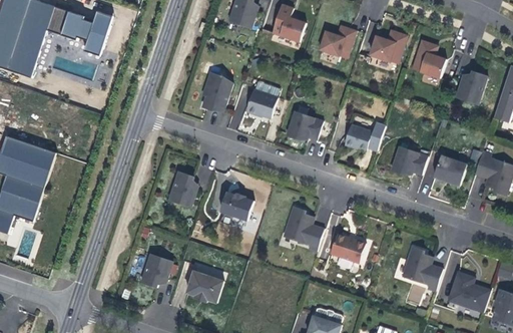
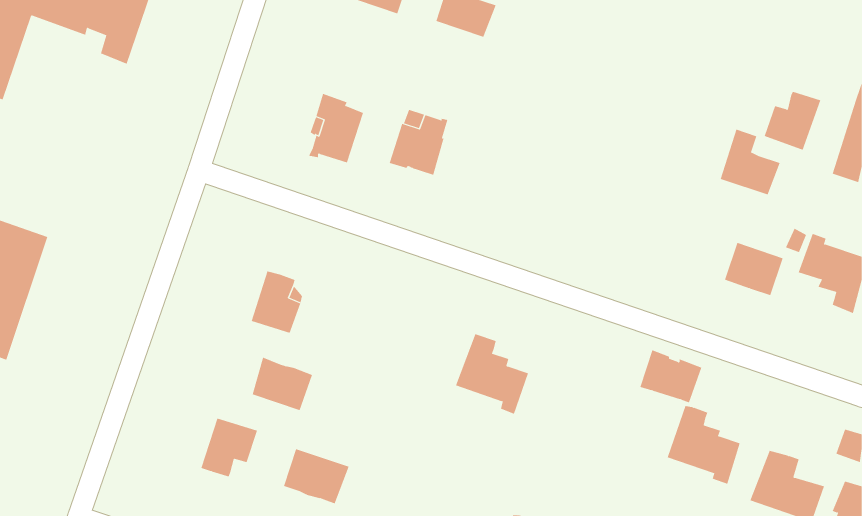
building: [319,26,356,58] -> none
building: [369,31,407,63] -> none
building: [412,40,446,77] -> [720,129,781,195]
building: [286,111,323,139] -> none
building: [344,124,372,149] -> none
building: [390,146,427,175] -> none
building: [219,191,253,221] -> [252,357,313,411]
building: [330,233,365,263] -> [639,349,702,403]

